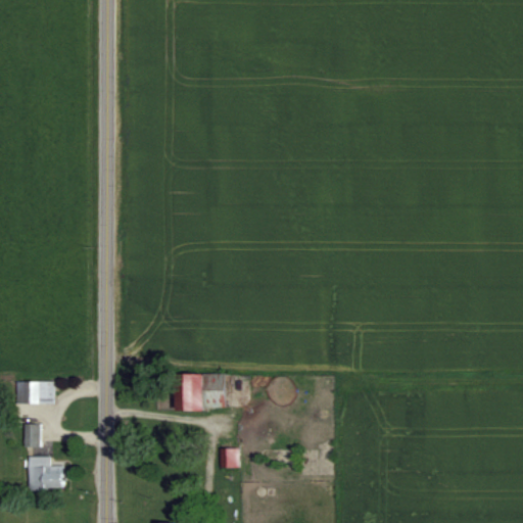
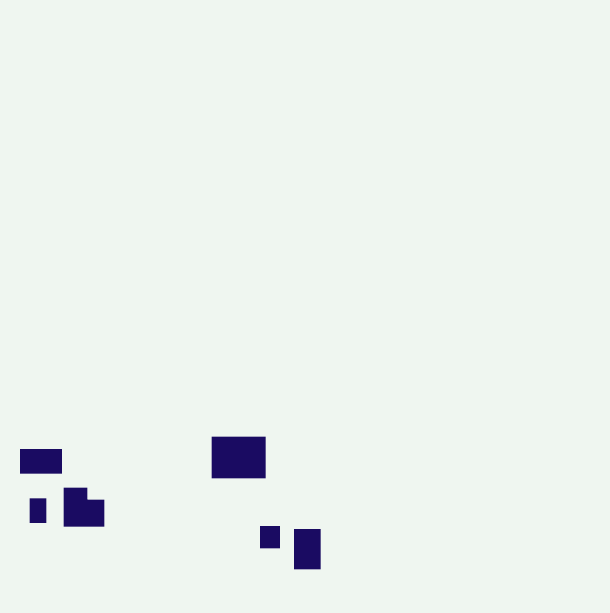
building: none -> [293,528,322,570]
building: [29,457,64,491] -> [63,487,105,528]

